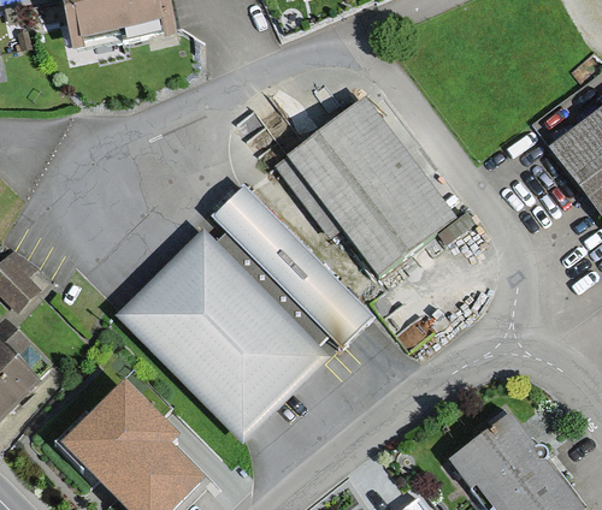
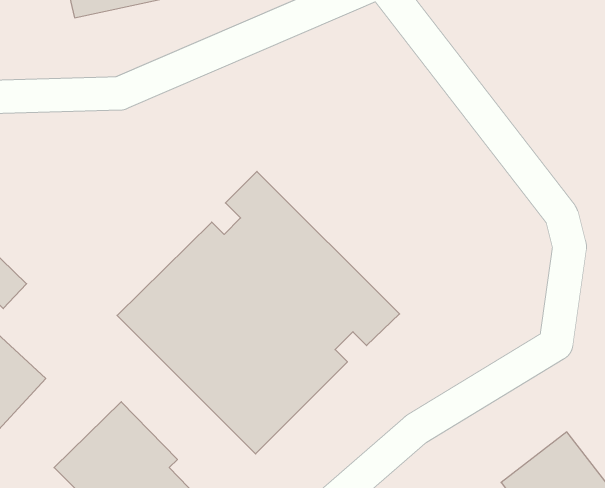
building: [289,97,454,272] -> none

